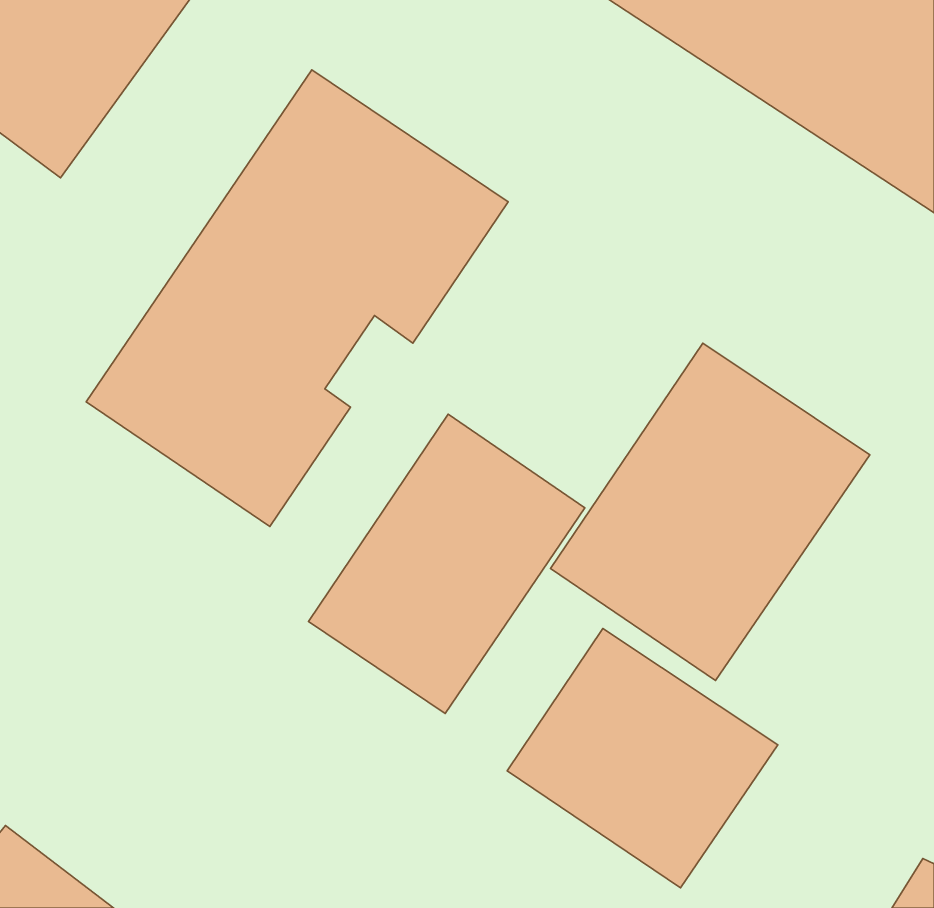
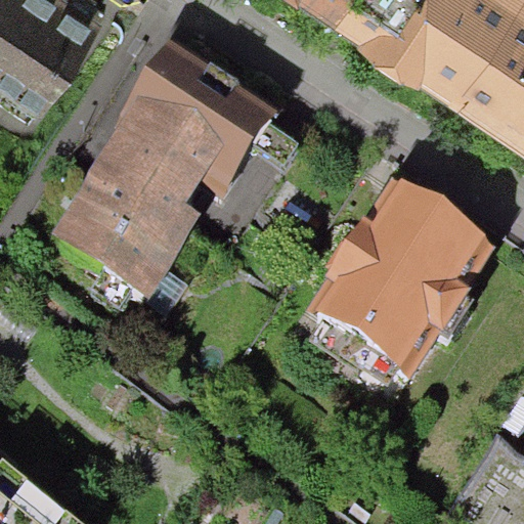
building: [309,414,585,714] -> none
building: [507,629,778,888] -> none

